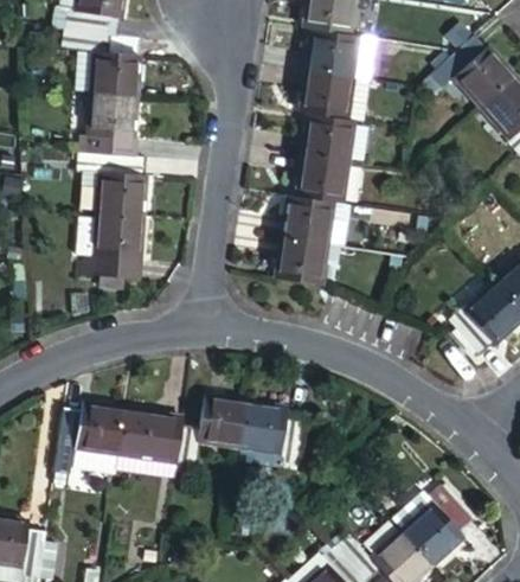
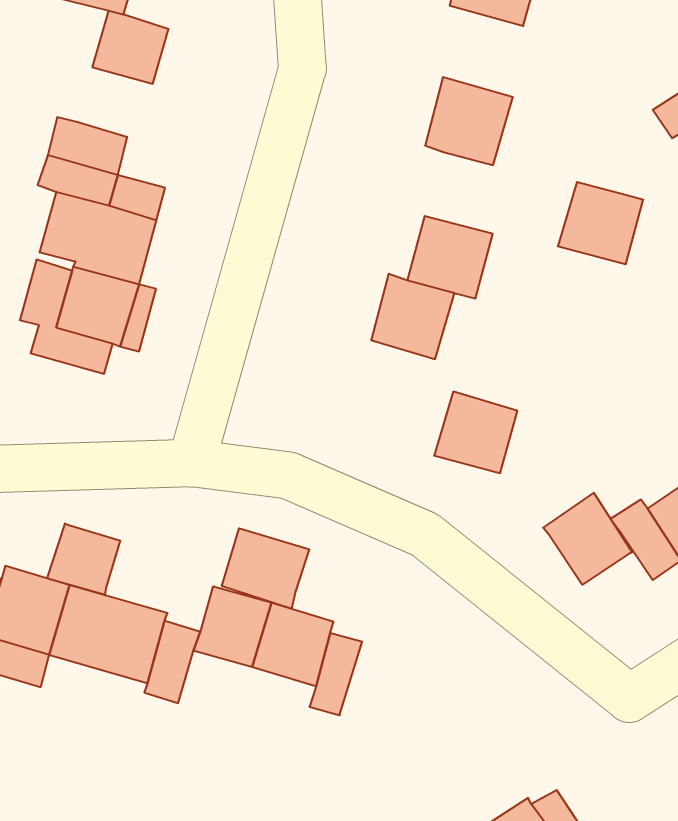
building: [307,28,357,77] -> none
building: [90,96,133,135] -> none
building: [308,116,355,161] -> [558,182,643,264]
building: [281,236,327,281] -> [434,392,517,473]
building: none -> [543,493,632,585]
building: none -> [222,528,309,609]
building: none -> [47,523,120,595]

